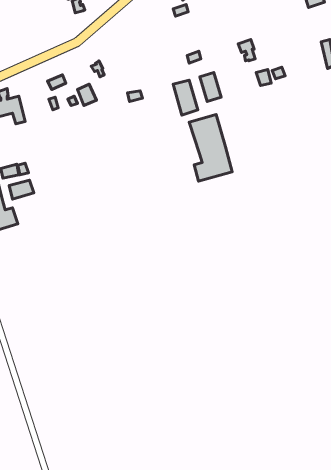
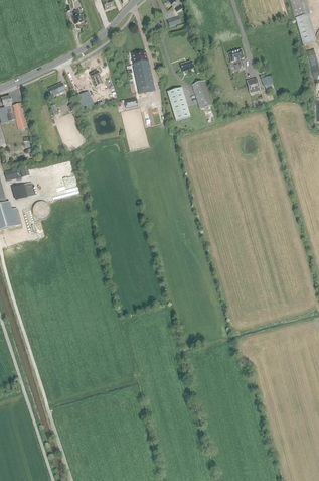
building: none -> [132,50,154,93]
building: [189,114,232,181] -> none

